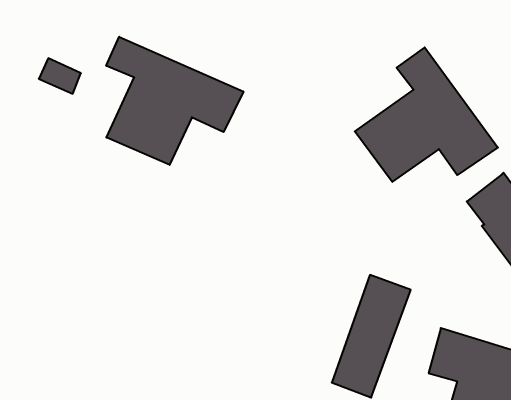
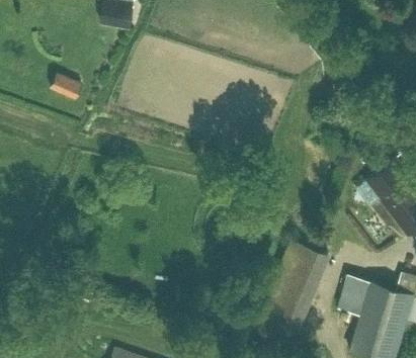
building: [106,37,243,165] -> none
building: [355,47,498,182] -> none

